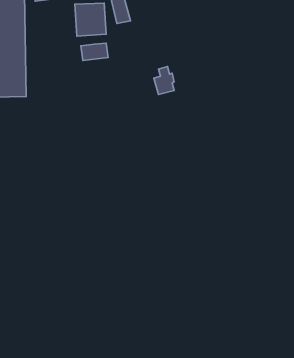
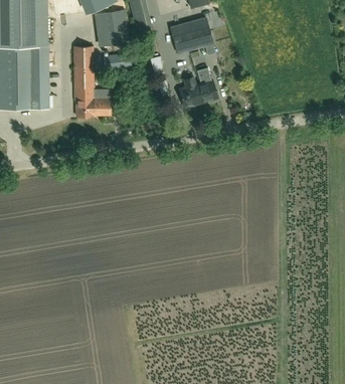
building: none -> [170,16,213,53]
building: none -> [73,46,110,117]
building: none -> [197,67,219,103]

